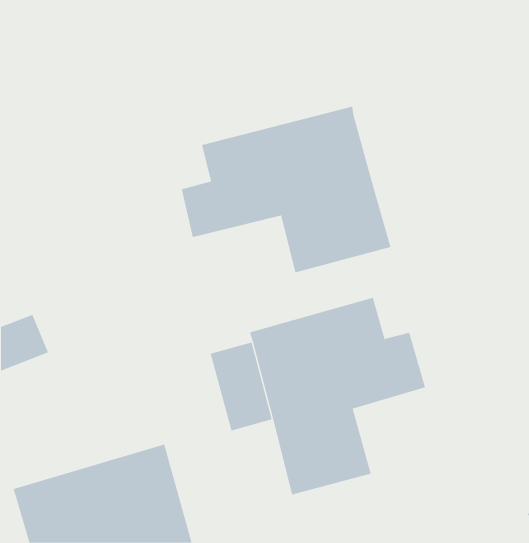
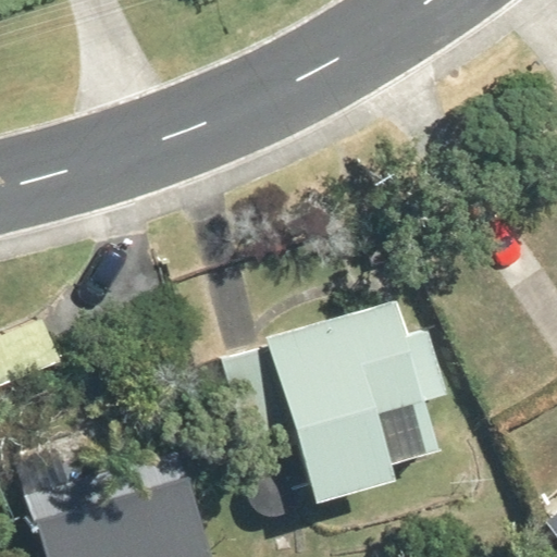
building: [181,106,391,273] -> none

